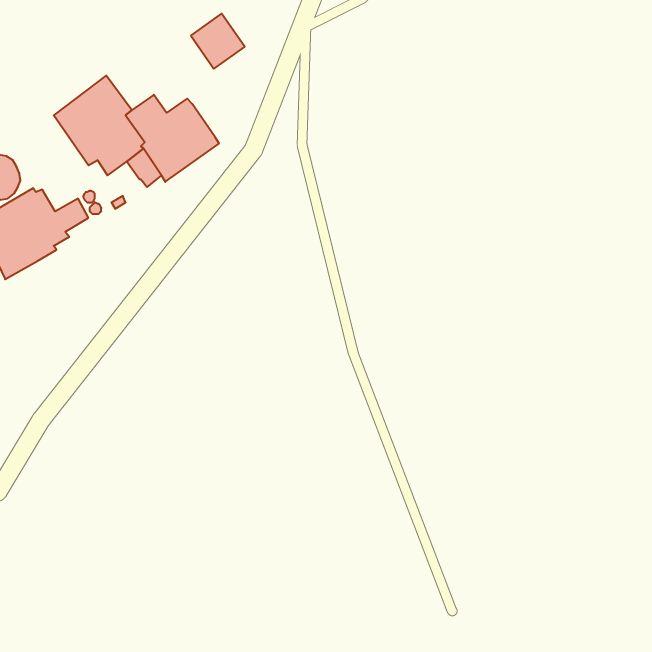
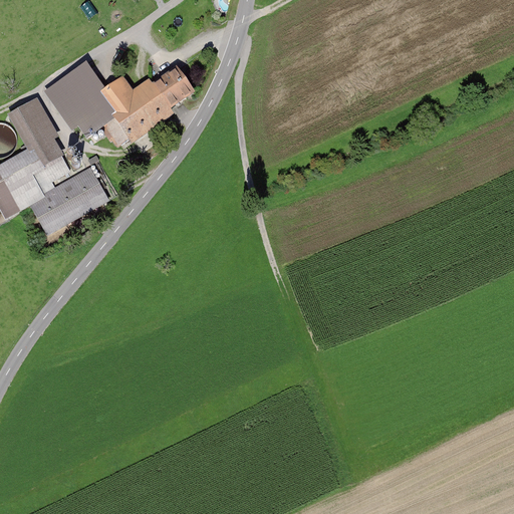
building: [191,14,245,69] -> [151,64,193,107]
building: none -> [7,96,63,166]
building: none -> [29,166,109,236]

